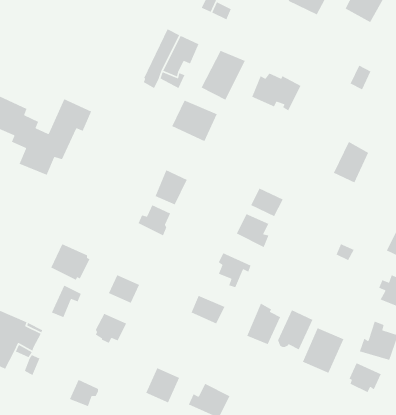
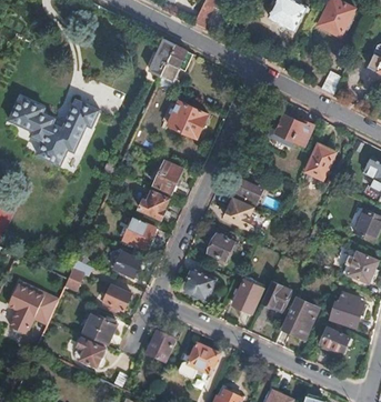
building: [200,50,246,101] -> none
building: [251,73,302,111] -> [269,114,312,148]
building: [50,243,90,281] -> [123,218,158,250]
building: none -> [86,313,117,343]

